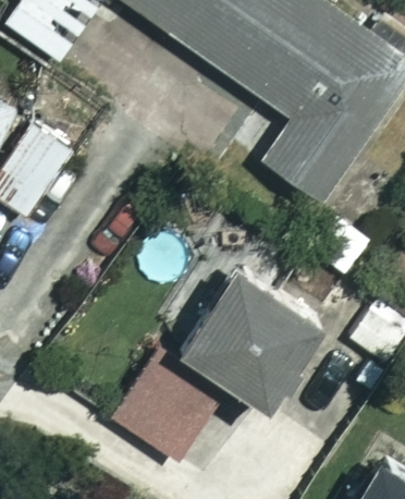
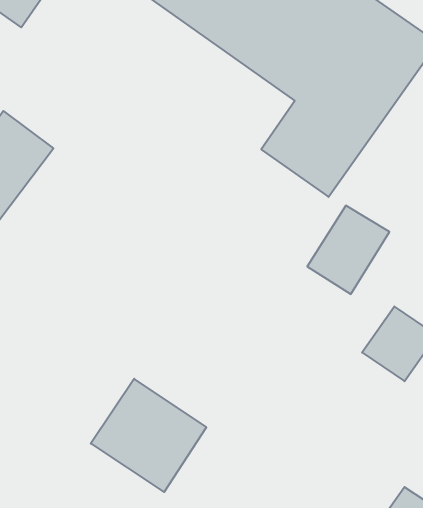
building: [182,268,323,410] -> none

